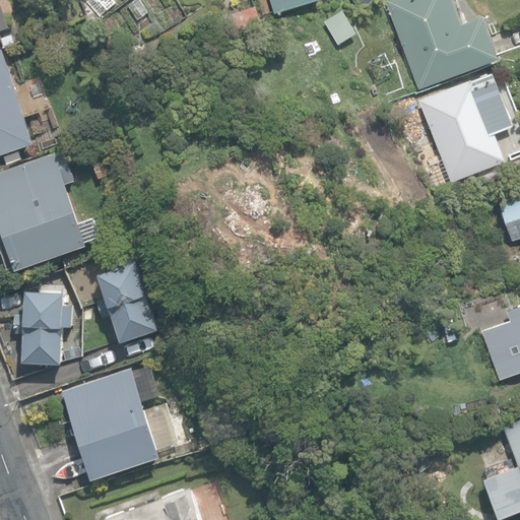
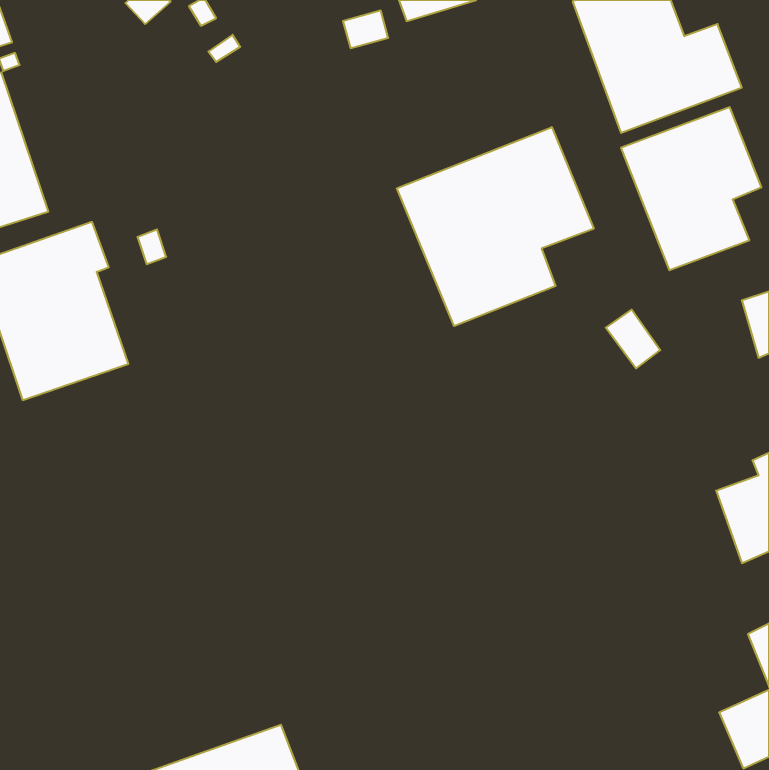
building: none -> [397,127,594,326]
building: [98,262,157,342] -> none
building: [22,292,72,366] -> none
building: [62,367,161,480] -> none

